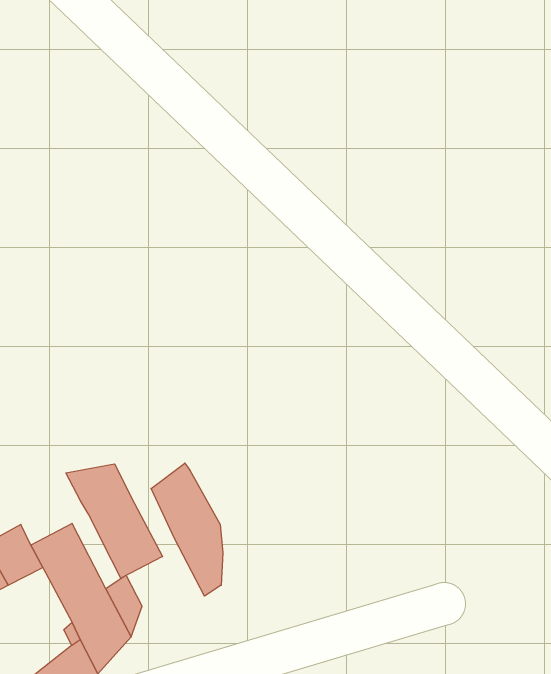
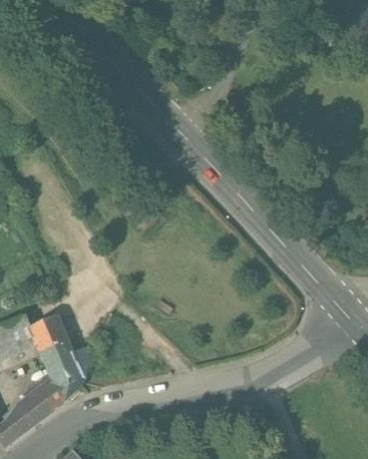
building: [151,463,223,596] -> none
building: [66,464,163,578] -> none

